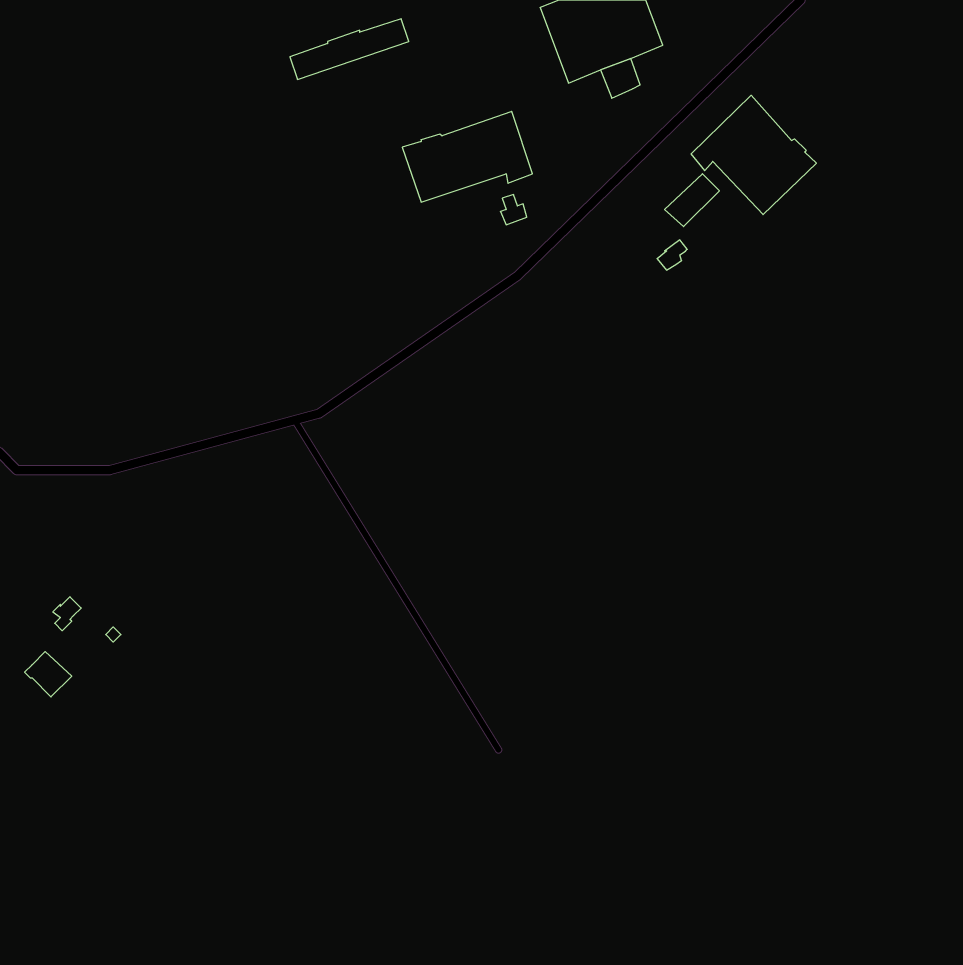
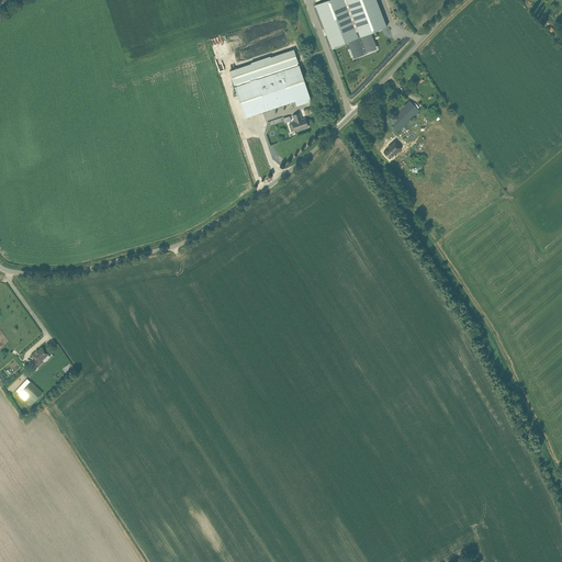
building: [290,19,409,79] -> [228,49,297,85]
building: [691,95,816,215] -> none

